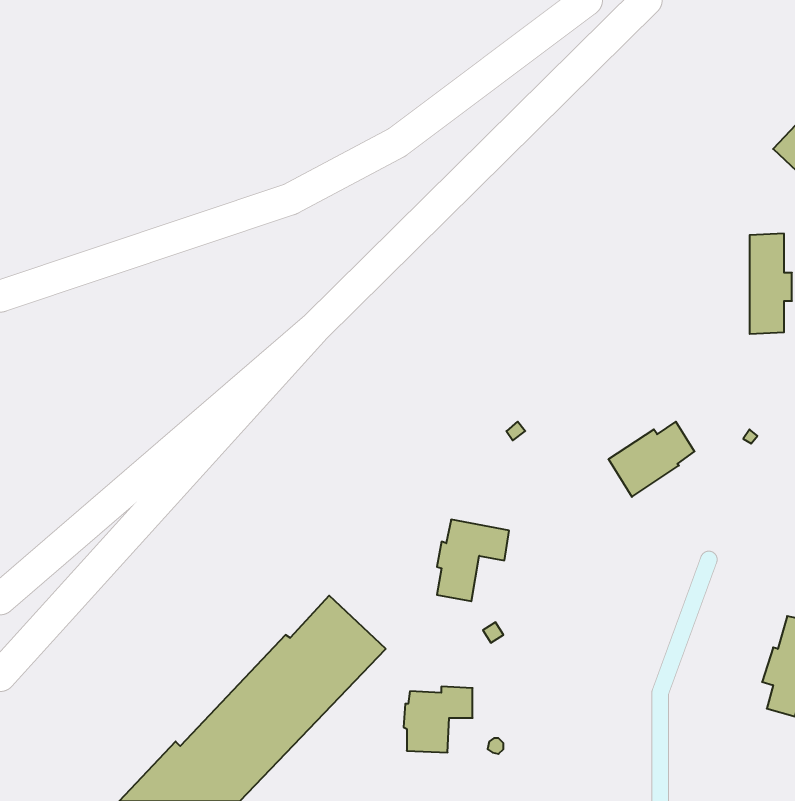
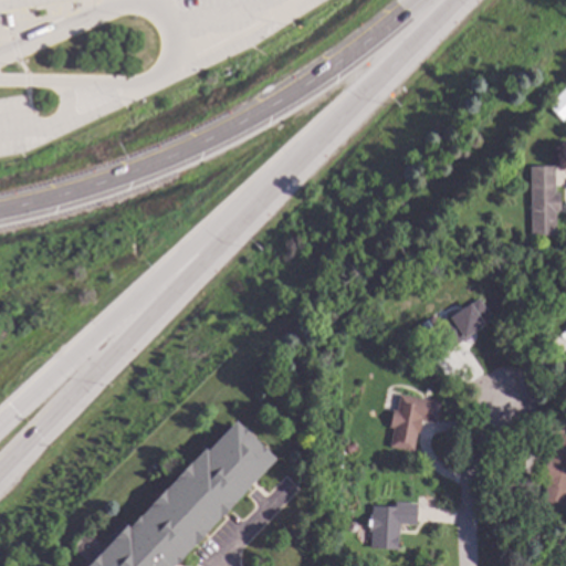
building: [437,520,509,601] -> [391,394,442,451]
building: [404,687,473,752] -> [370,502,419,548]

